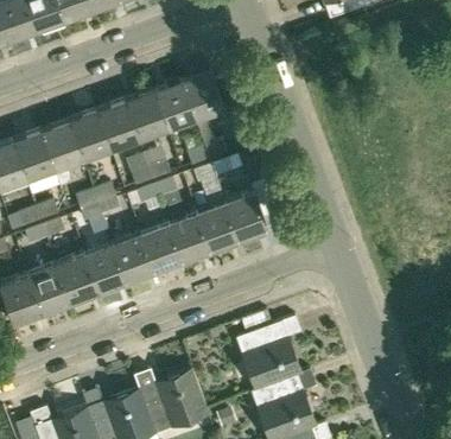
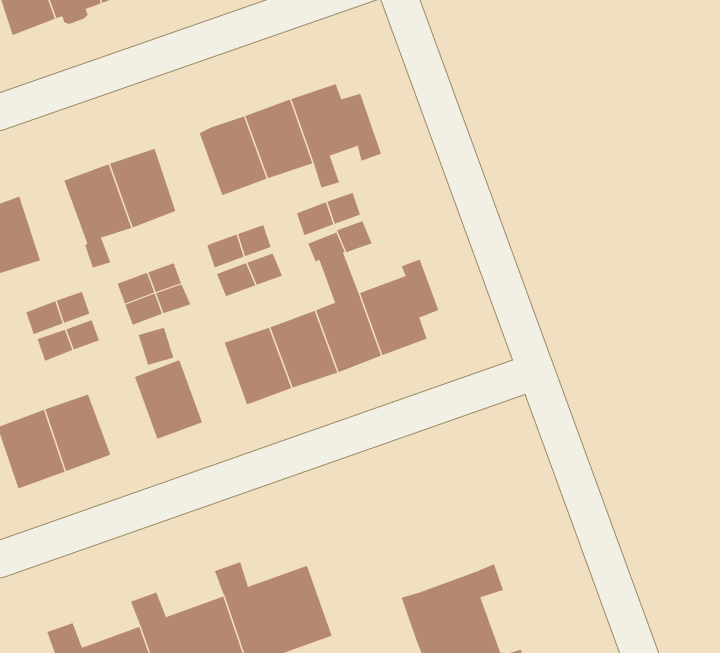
building: [97,102,139,151] -> none
building: [13,132,55,182] -> none
building: [113,233,154,282] -> none
building: [56,254,99,303] -> none
building: [235,311,300,390] -> none

